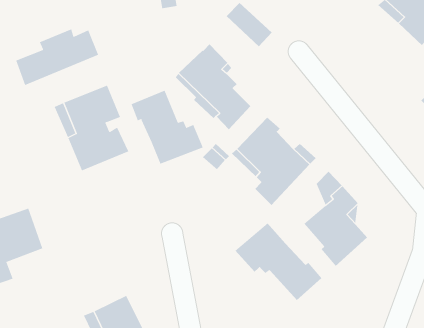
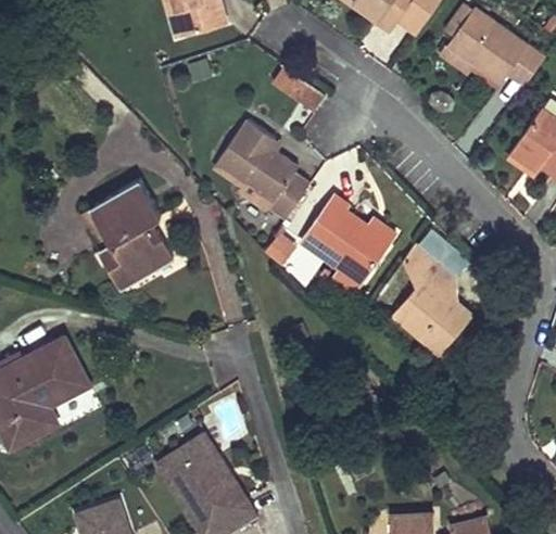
building: [16,29,99,86] -> none
building: [131,90,203,165] -> none
building: [235,223,322,301] -> none

